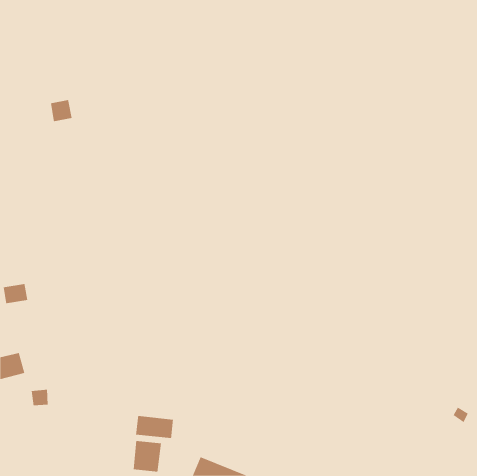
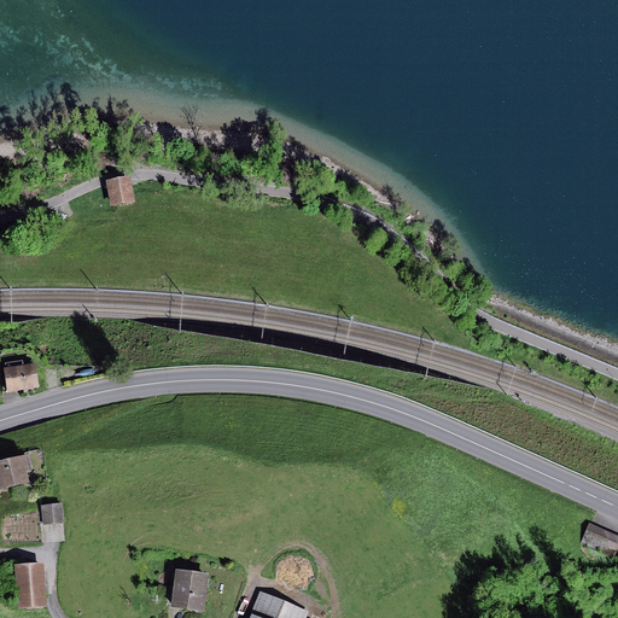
building: [50,100,73,122] -> [105,177,134,206]
building: [136,415,174,439] -> none
building: none -> [14,562,45,607]

